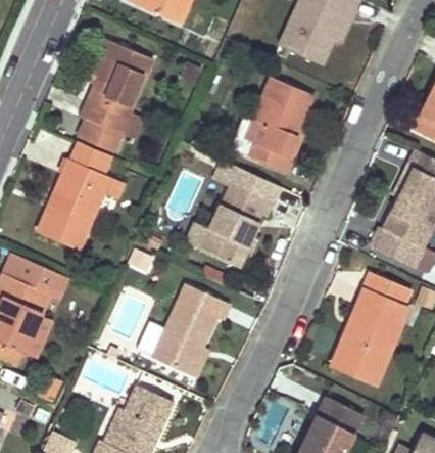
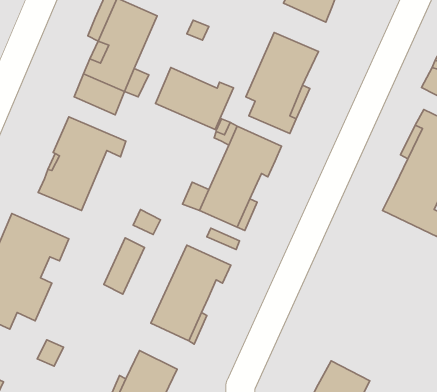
building: none -> [156,67,233,129]
building: [337,275,412,383] -> none
building: none -> [104,238,144,294]

